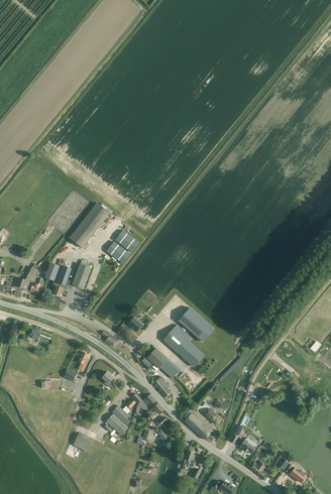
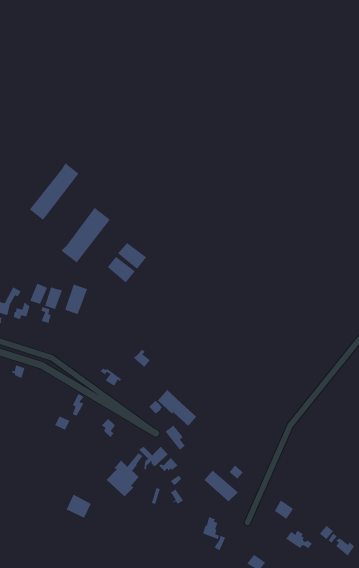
building: none -> [29,162,80,221]
building: [178,306,214,342] -> none
building: [162,324,203,366] -> none

